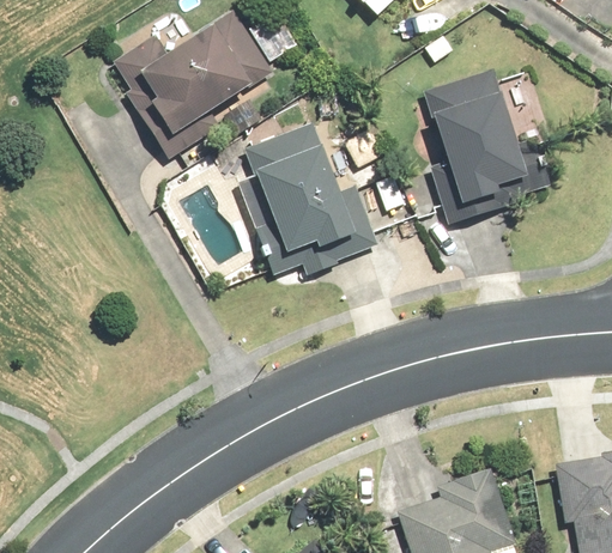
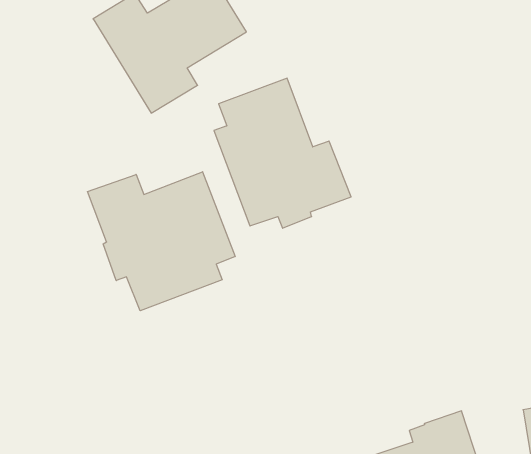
building: [422,68,551,225] -> none
building: none -> [87,172,235,311]

